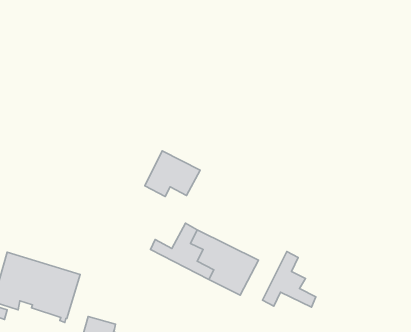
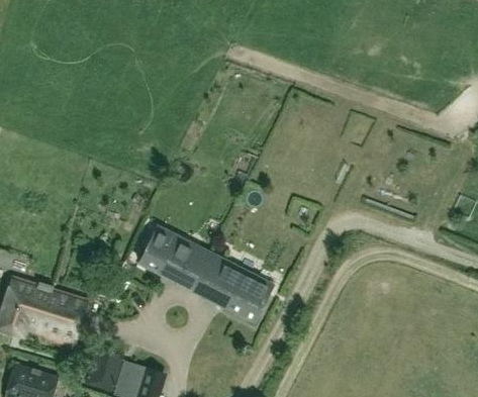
building: [145,151,200,197] -> [139,226,197,274]
building: [262,251,316,307] -> none

